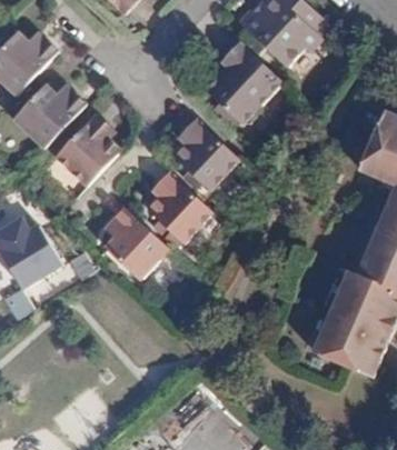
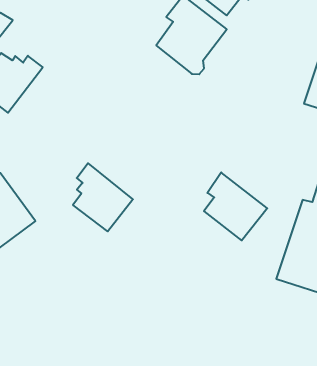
building: [57,112,122,186] -> none
building: [175,118,239,191] -> none
building: [147,170,214,243] -> [204,172,267,240]

